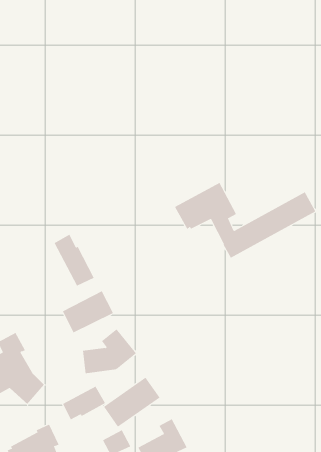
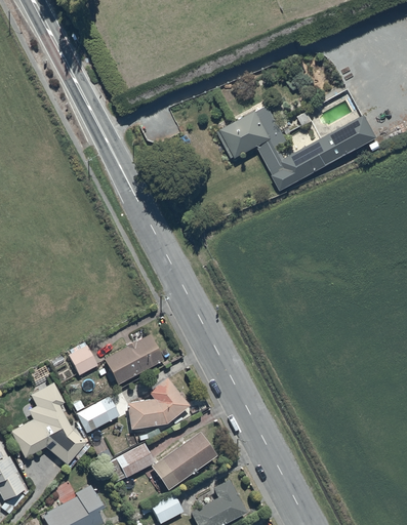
building: [174,182,316,259] -> [217,105,377,191]
building: [54,234,94,287] -> none
building: none -> [69,340,97,374]
building: none -> [76,396,118,433]

